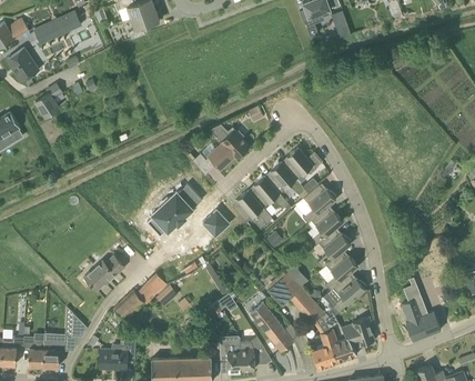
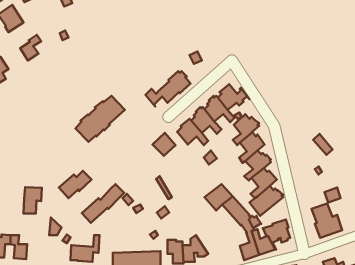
building: [142,180,204,238] -> [75,96,125,142]
building: [251,302,294,350] -> none
building: [43,333,67,367] -> [23,187,42,214]

